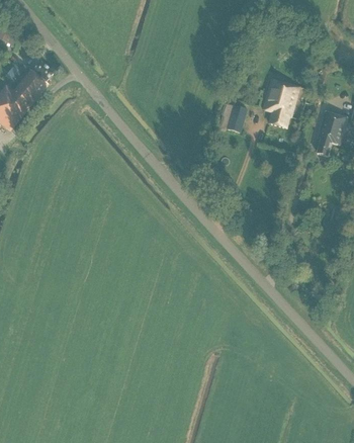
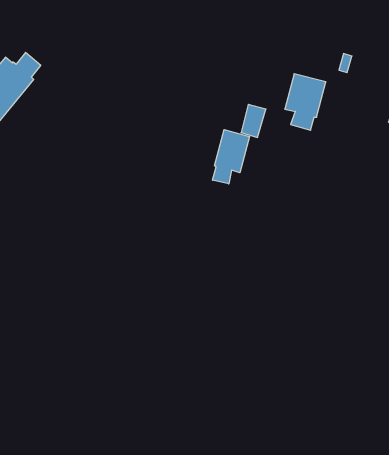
building: [316,111,347,156] -> none
building: none -> [213,130,249,184]

